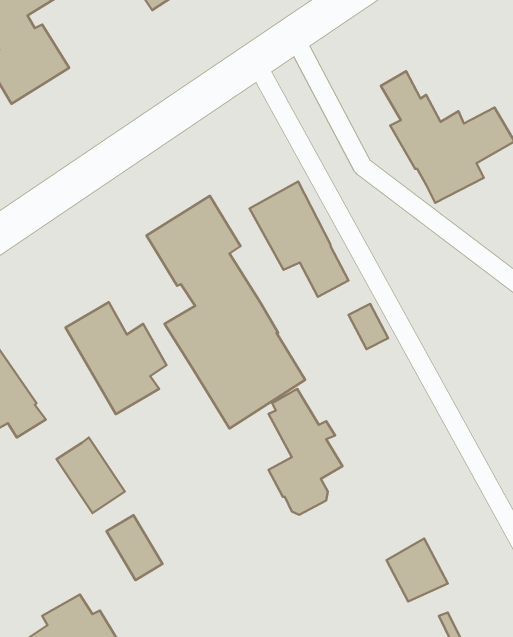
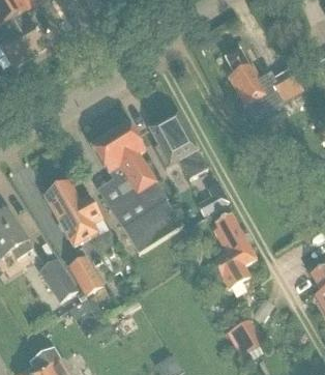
building: [268,389,342,515] -> [213,213,256,286]
building: [107,515,162,580] -> [69,256,101,293]

